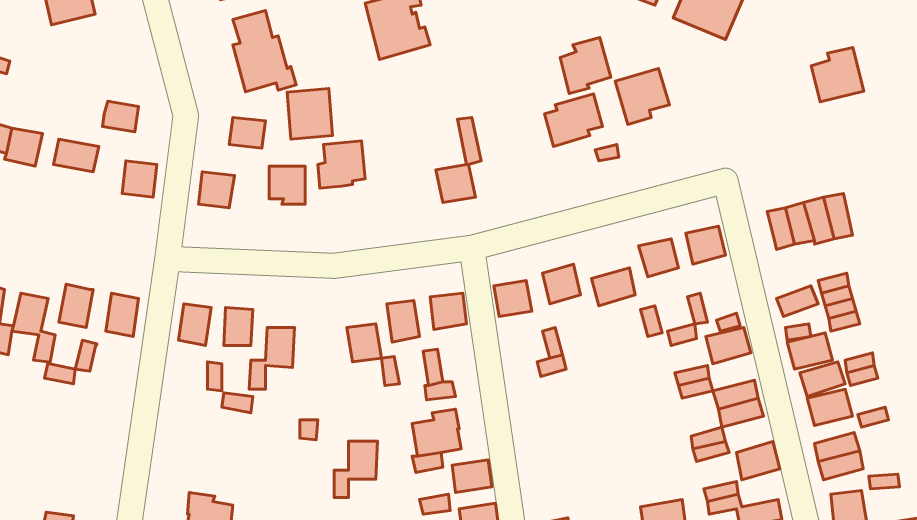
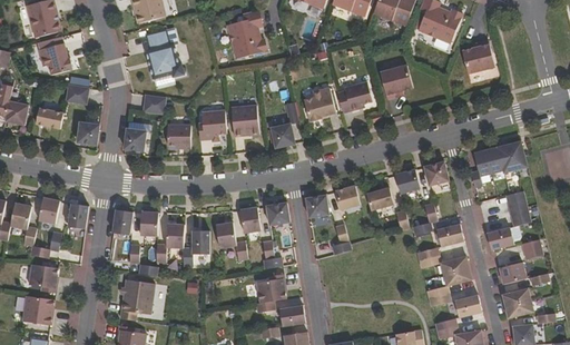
building: none -> [37,43,71,75]
building: [560,37,611,94] -> [304,87,335,121]
building: [811,48,864,102] -> [461,40,493,73]
building: [287,89,332,139] -> [230,105,258,136]
building: none -> [28,264,57,293]
building: none -> [119,278,155,321]
building: [334,441,377,497] -> [181,230,208,265]
building: none -> [21,295,53,325]

